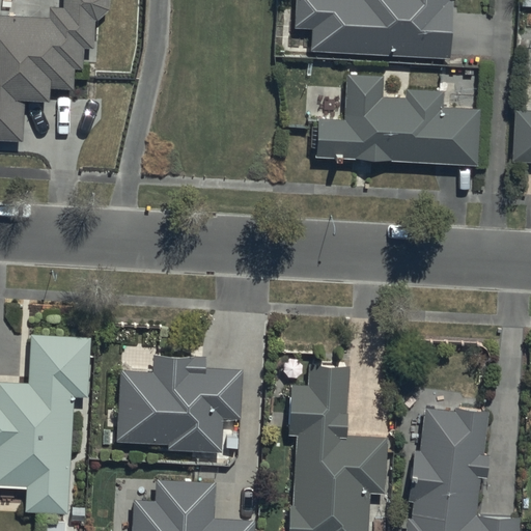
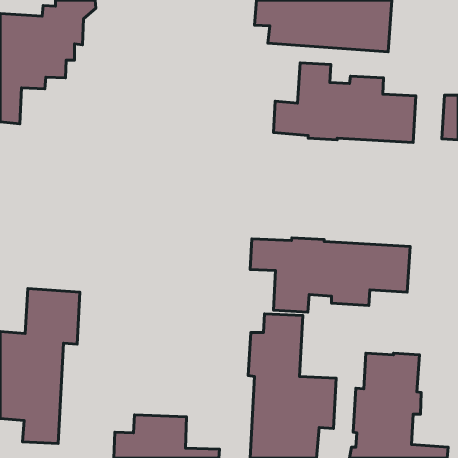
building: none -> [250,238,410,312]
building: [118,355,242,451] -> none

